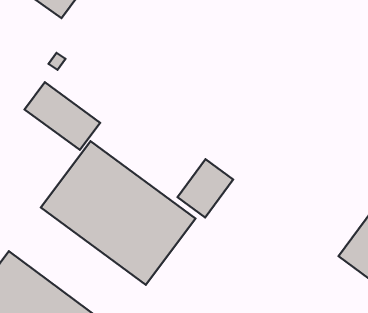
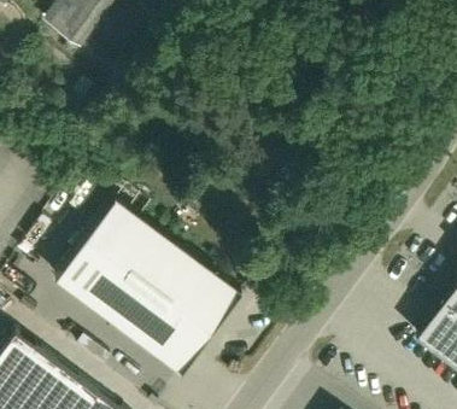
building: [25,82,100,150] -> none
building: [178,159,233,218] -> none

